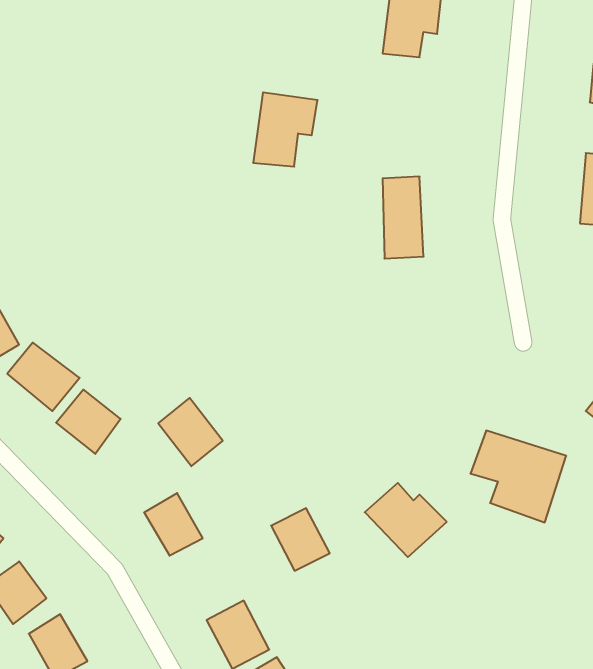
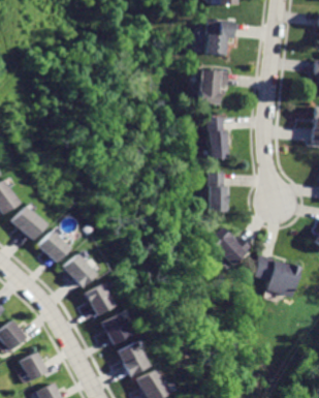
building: [253,92,318,167] -> [199,64,233,103]
building: none -> [206,169,231,210]
building: [158,398,223,466] -> [58,252,92,288]
building: [365,483,447,557] -> [213,228,256,268]
building: [271,508,330,571] -> [97,311,128,344]

